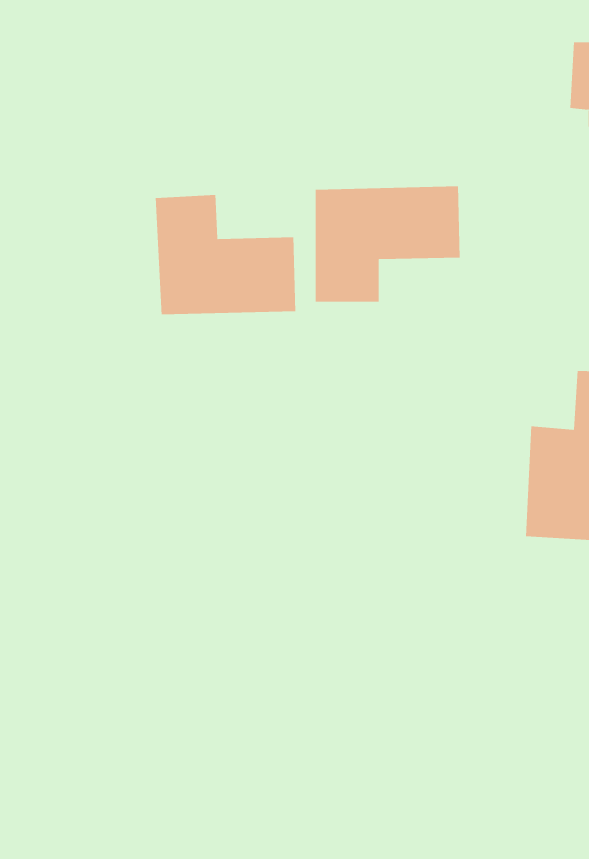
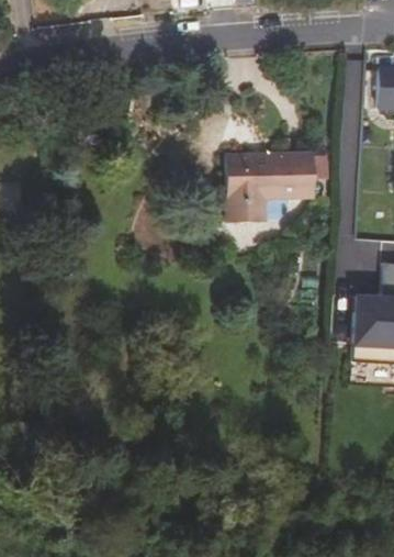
building: [155,194,296,315] -> none

